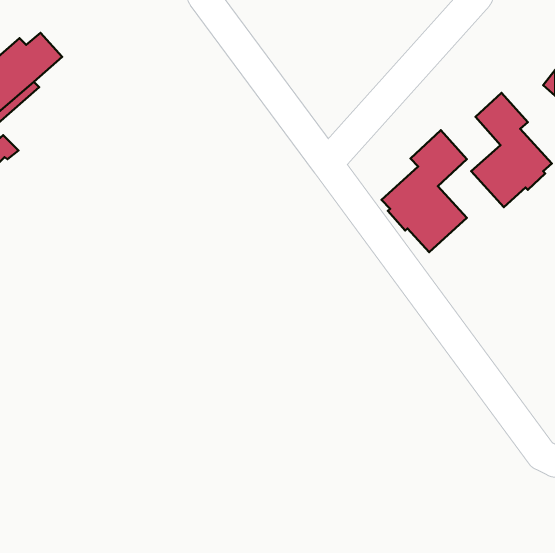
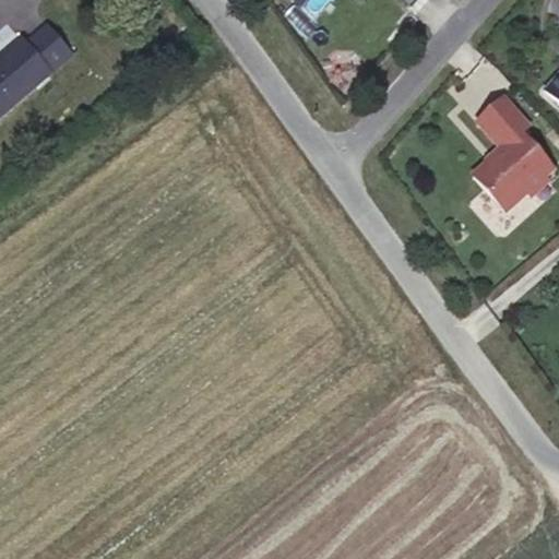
building: [382,130,467,252] -> none

